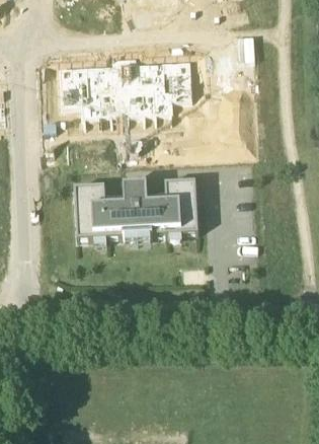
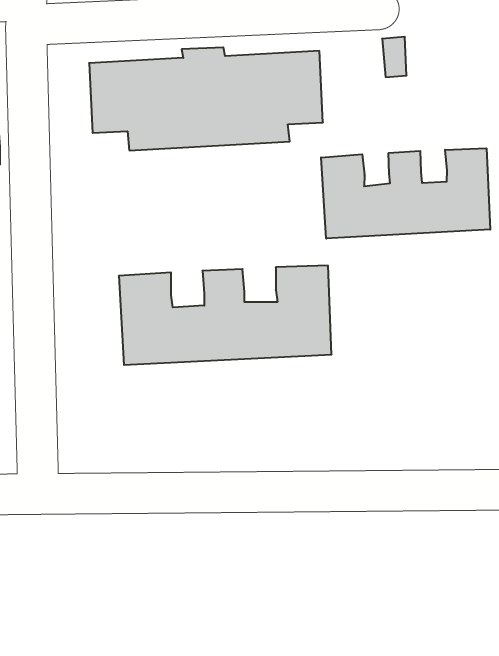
building: none -> [321,148,490,239]

